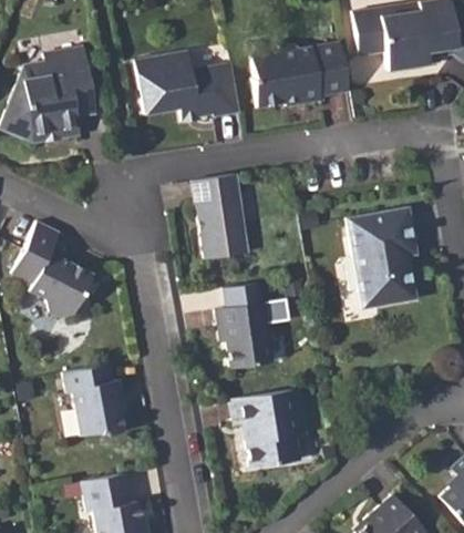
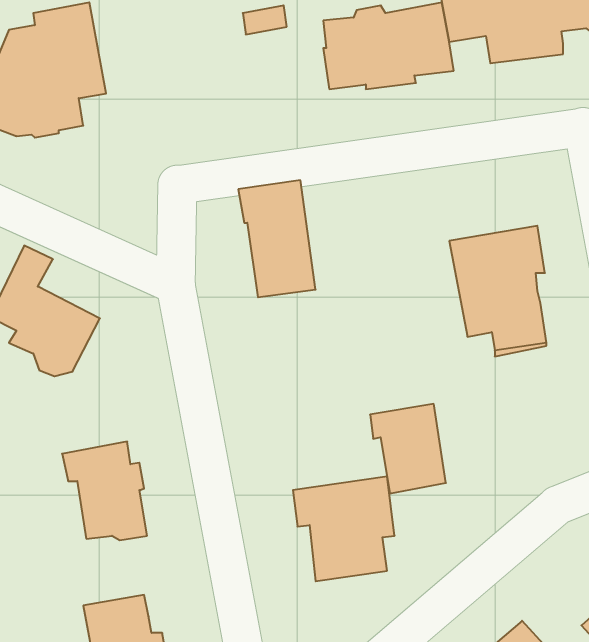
building: [136,52,241,121] -> none
building: [216,303,271,368] -> [370,404,446,494]

